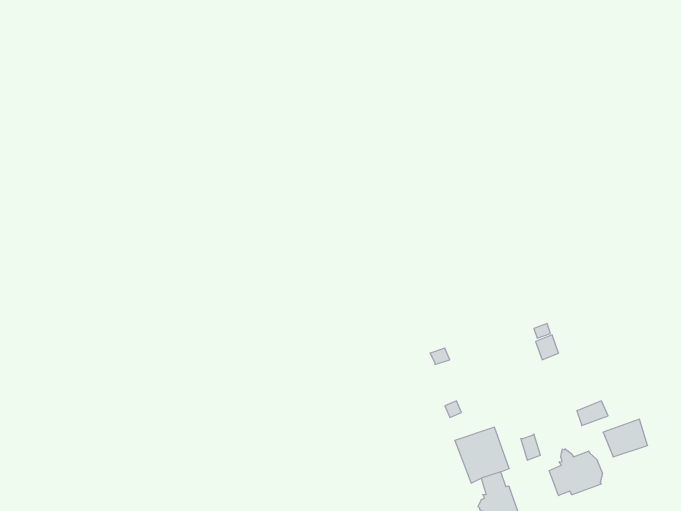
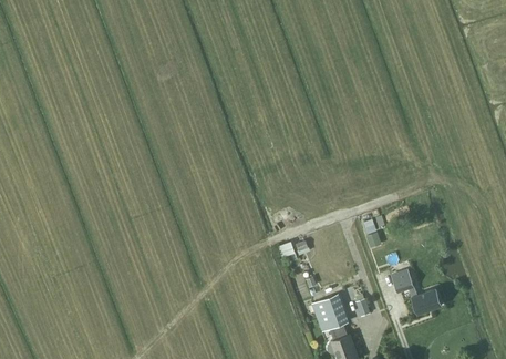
building: [549,449,602,496] -> none

